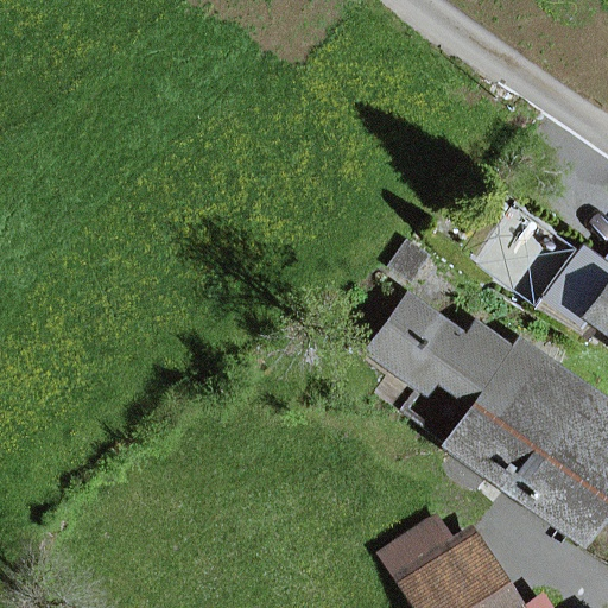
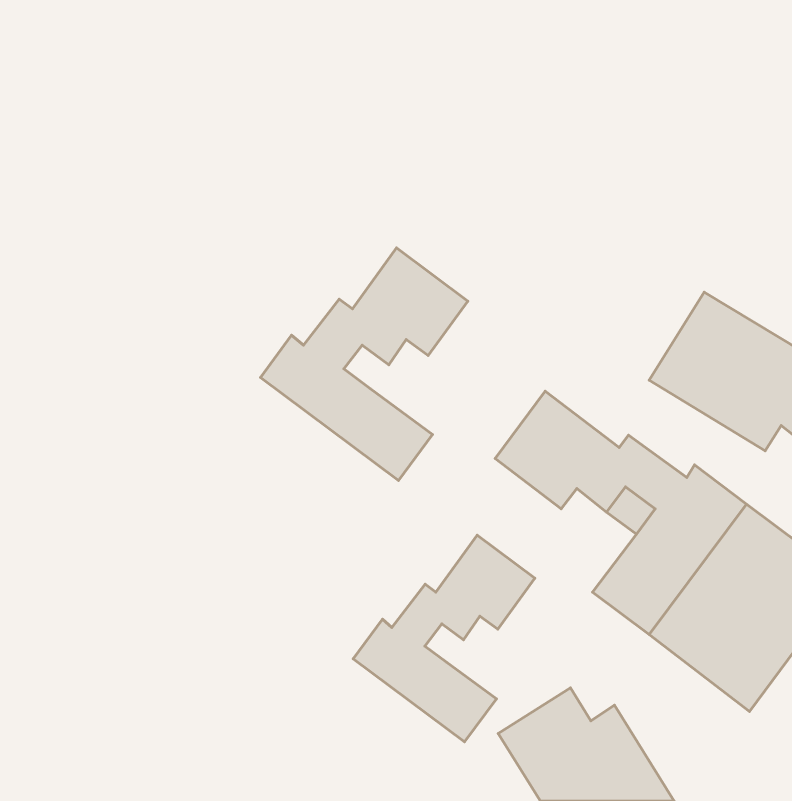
building: none -> [260,248,468,481]
building: none -> [353,535,535,742]

